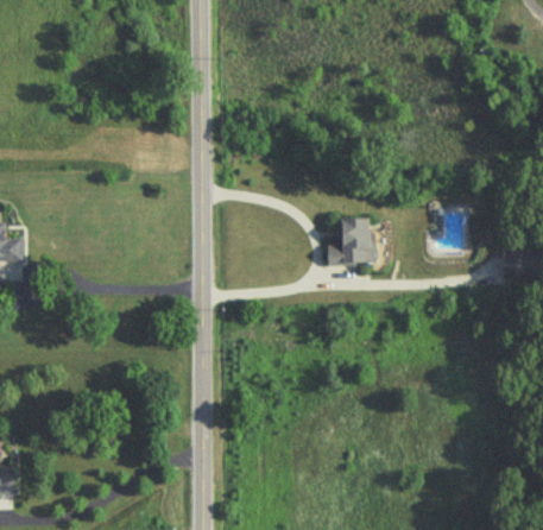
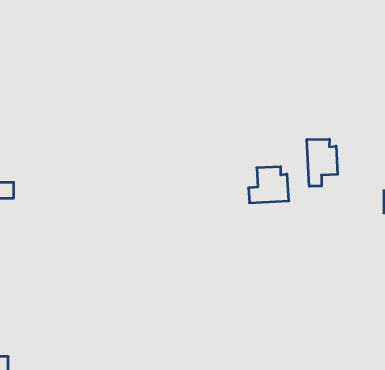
building: none -> [307,139,338,186]

